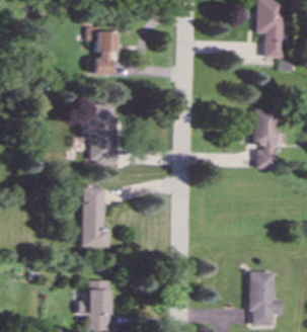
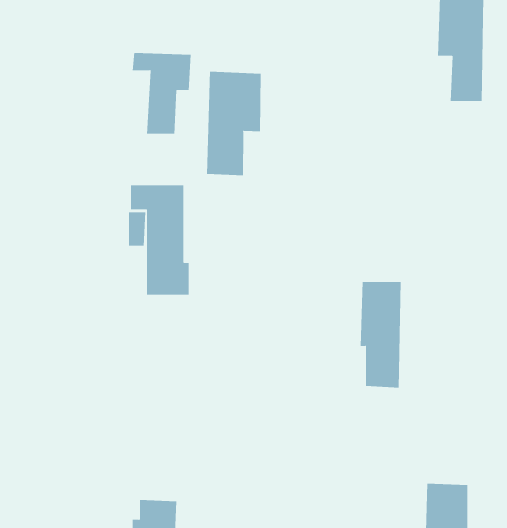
building: none -> [206,71,261,176]
building: [253,109,277,169] -> [360,281,401,388]
building: [83,188,109,247] -> none

